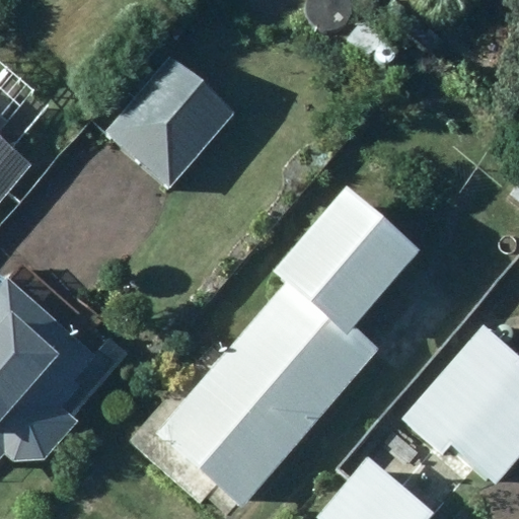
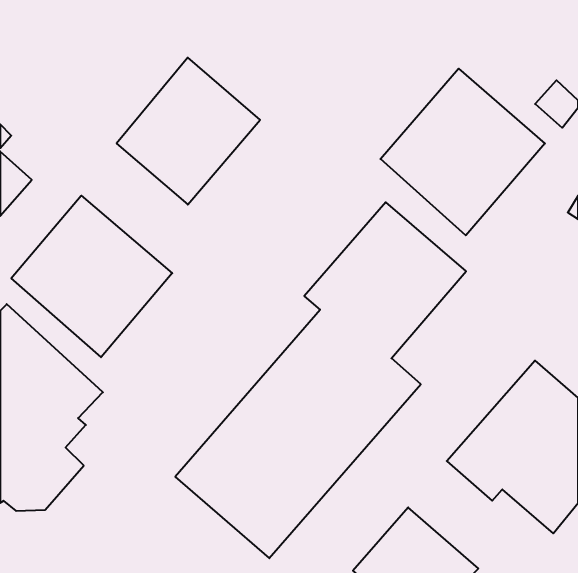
building: none -> [380,69,545,235]
building: none -> [11,196,172,357]

